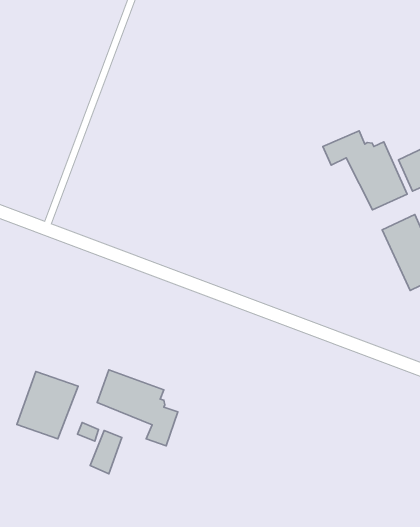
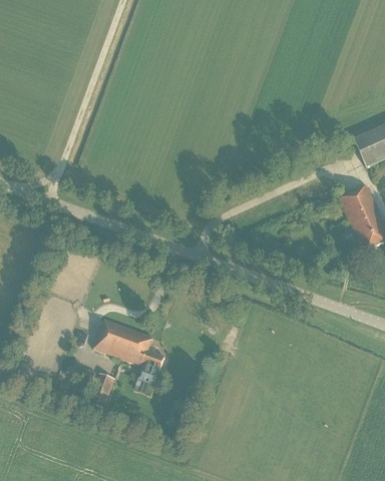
building: [323,131,407,210] -> none
building: [17,372,78,439] -> none

